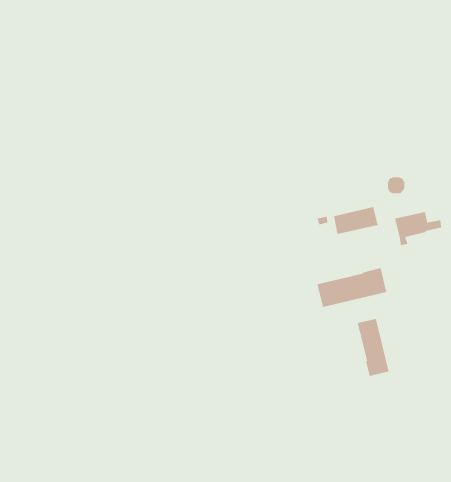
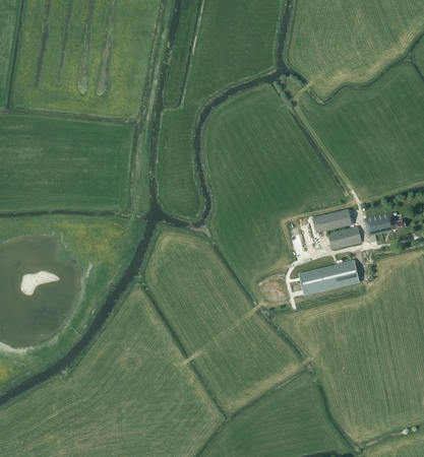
building: none -> [327,225,362,249]
building: [357,318,390,377] -> none

